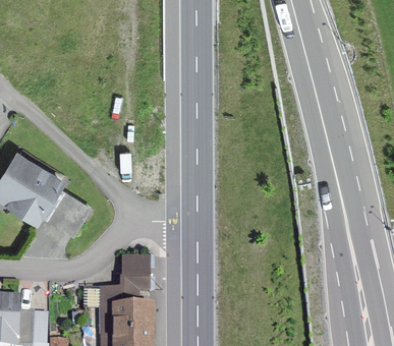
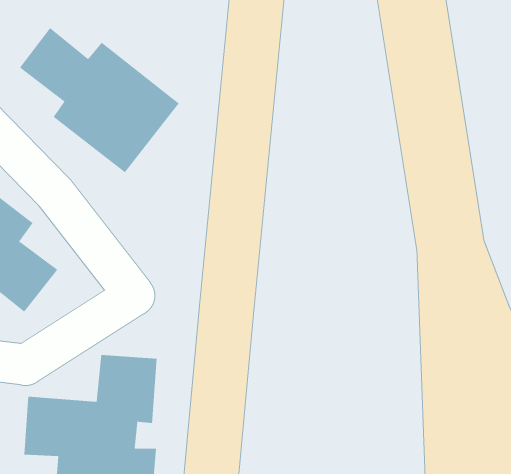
building: none -> [19,27,179,173]

